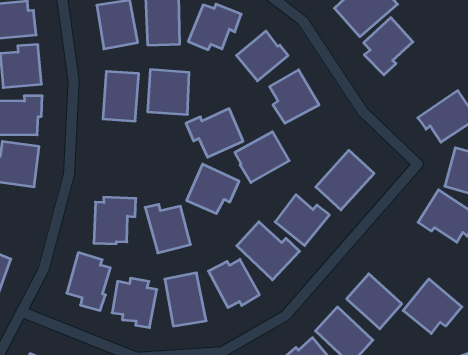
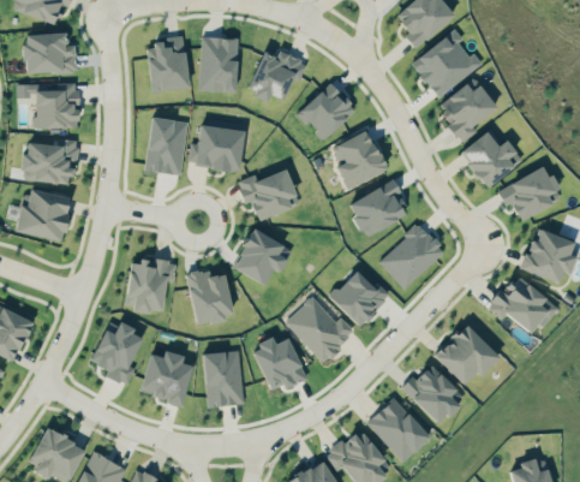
building: none -> [461,130,522,188]
building: [235,132,289,183] -> [349,182,409,237]
building: [403,279,462,334] -> [435,323,501,385]

